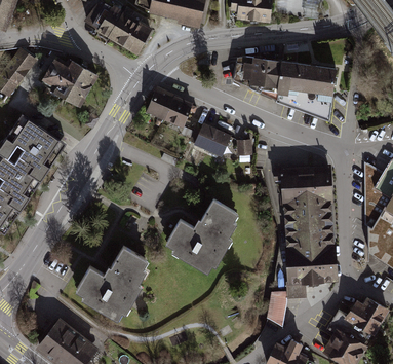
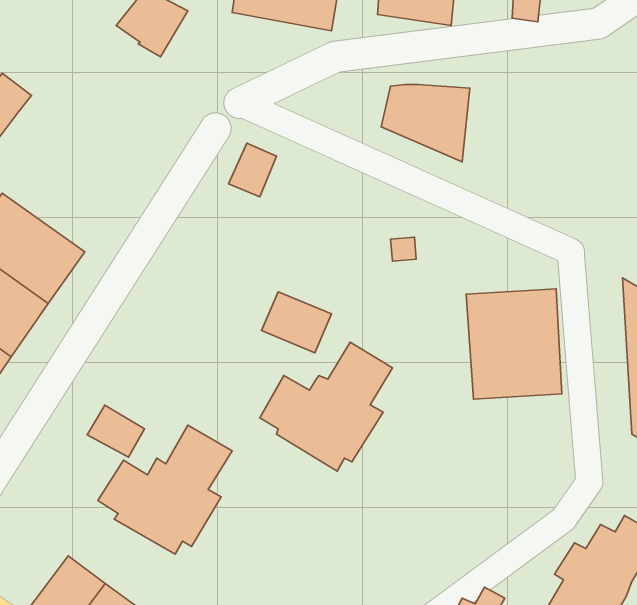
building: [109,15,153,58] -> none
building: [277,59,331,120] -> none
building: [41,62,100,112] -> none
building: [164,97,192,126] -> none
building: [194,125,233,159] -> [261,292,331,353]
building: [270,229,337,323] -> none
building: none -> [87,405,144,457]

